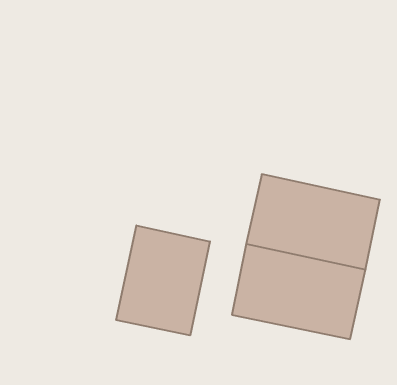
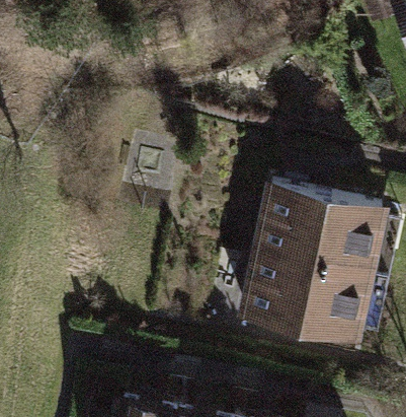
building: [116,225,210,335] -> none

